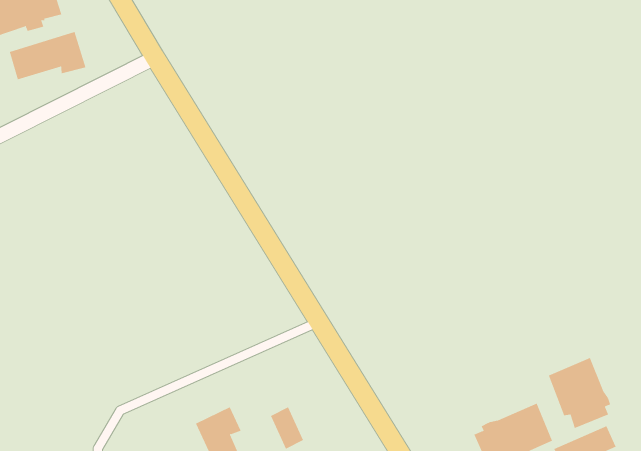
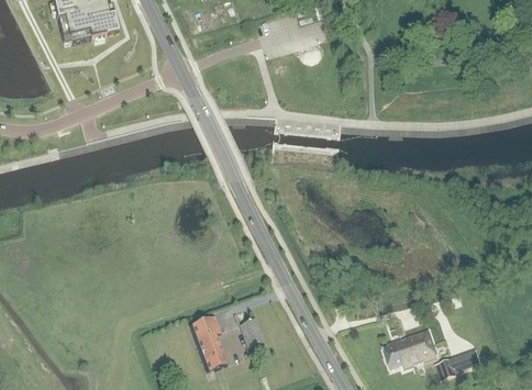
building: [9,31,86,80] -> none
building: [548,357,611,429] -> none

